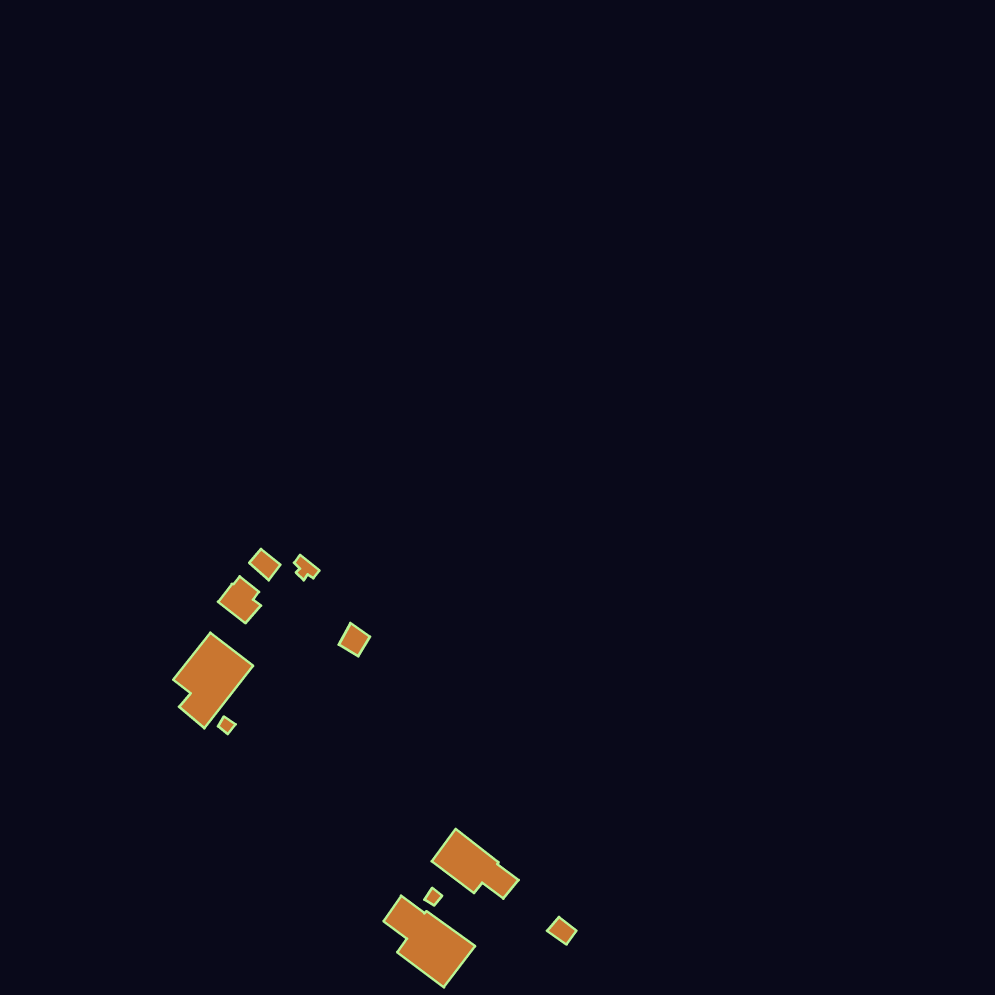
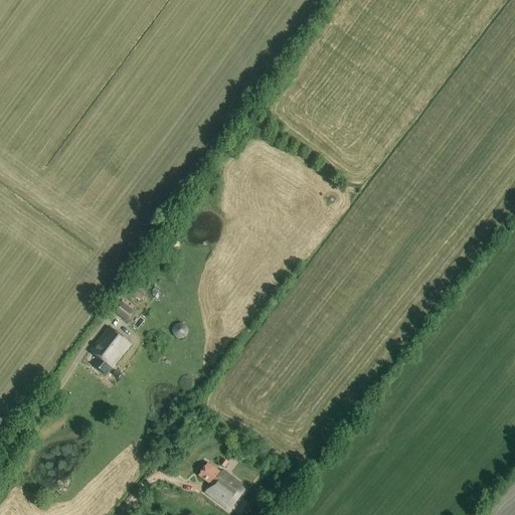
building: [432,829,519,899] -> none

